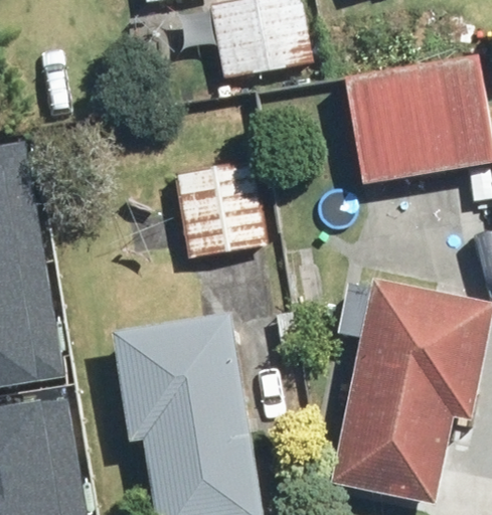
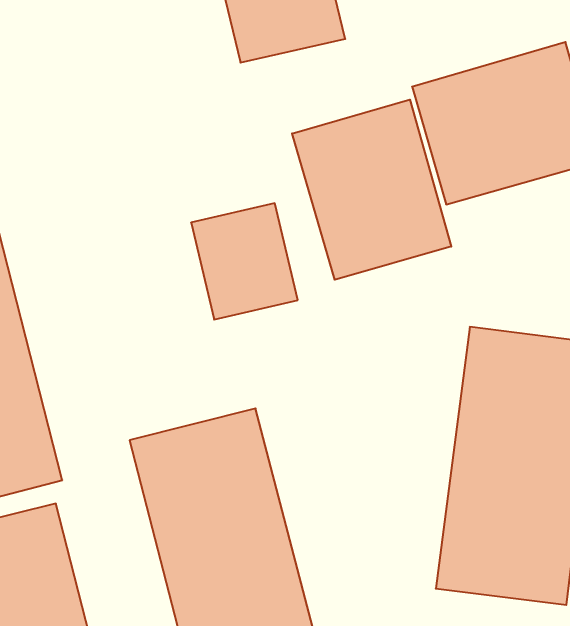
building: none -> [292,100,451,280]

